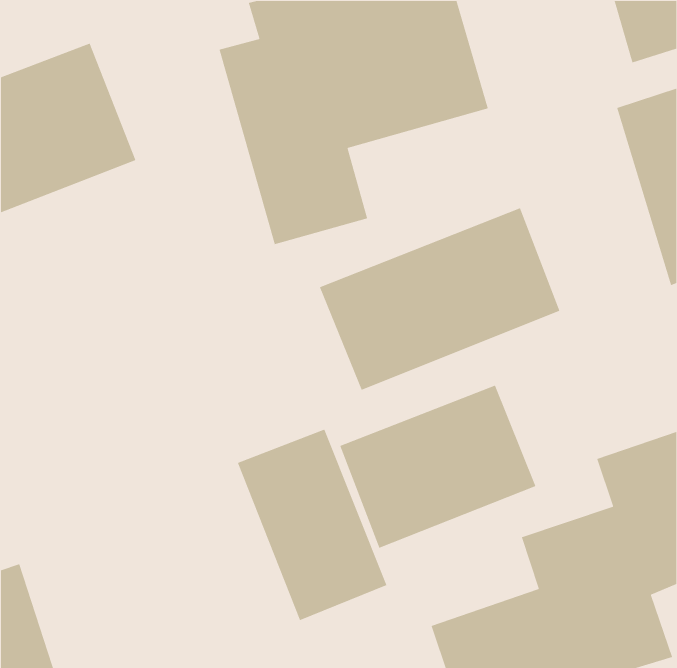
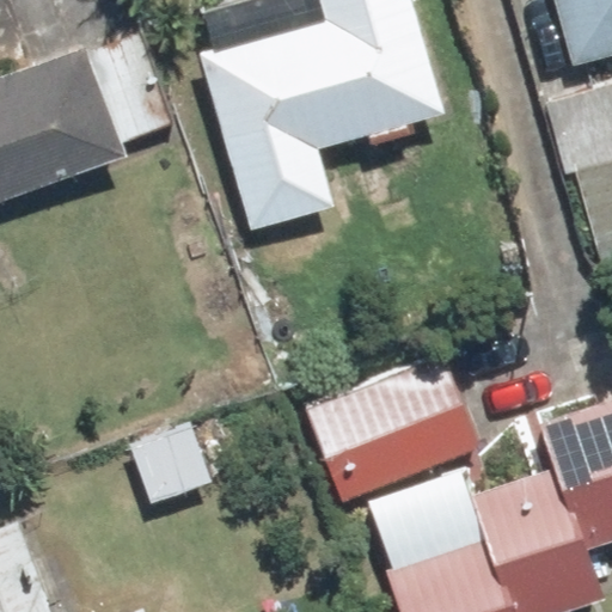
building: [319,207,560,391] -> none
building: [237,429,387,621] -> none

